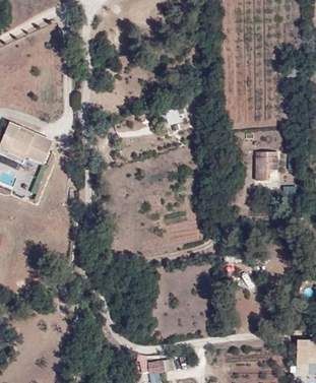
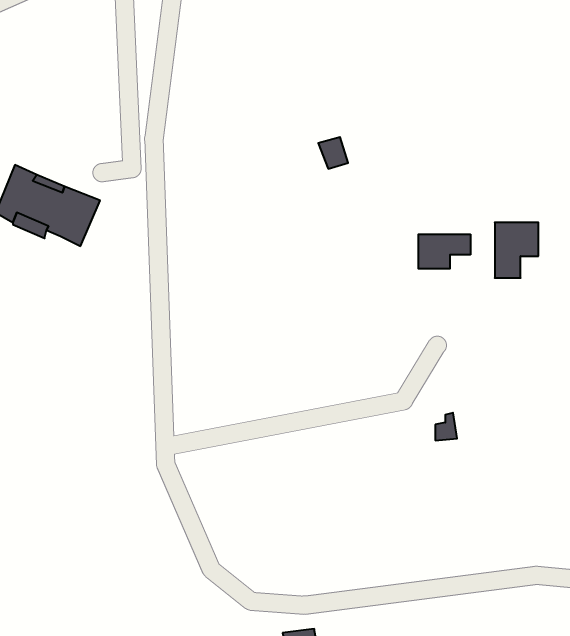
building: none -> [418,234,470,269]

